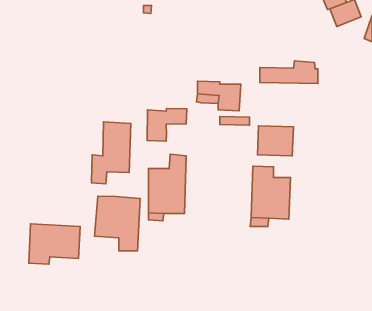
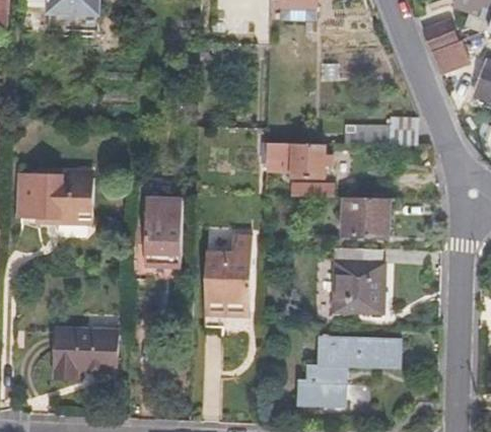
building: none -> [22,159,95,213]
building: [147,108,187,141] -> none
building: [95,196,140,251] -> none
building: none -> [296,336,401,408]

